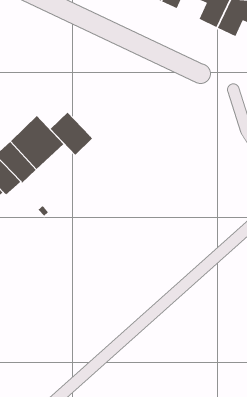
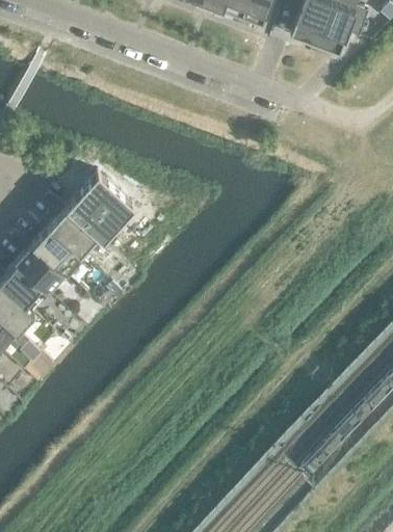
building: [50,112,93,155] -> none

